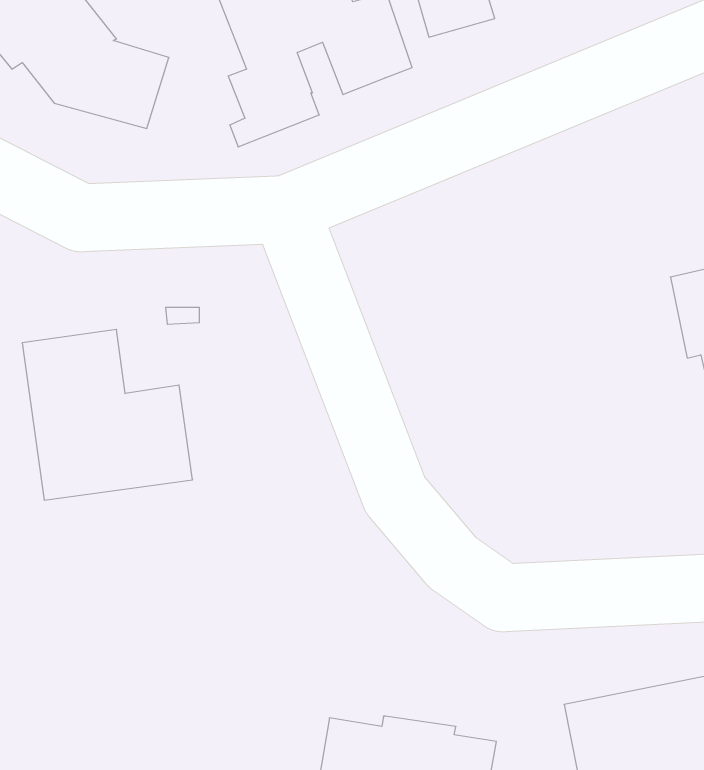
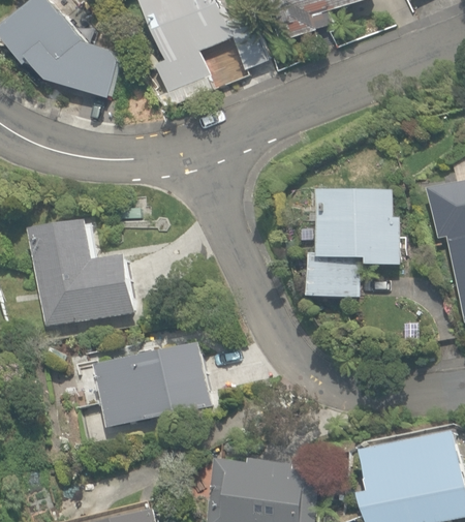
building: none -> [307,191,398,297]
building: none -> [71,342,213,427]

